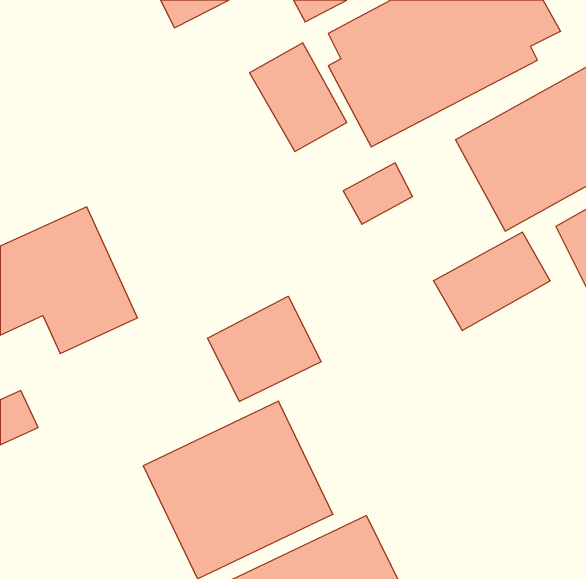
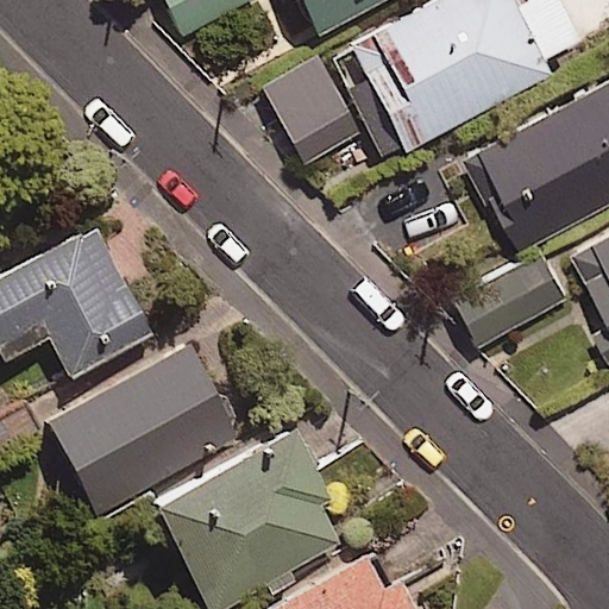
building: [207,296,321,402] -> none
building: none -> [48,345,241,515]

